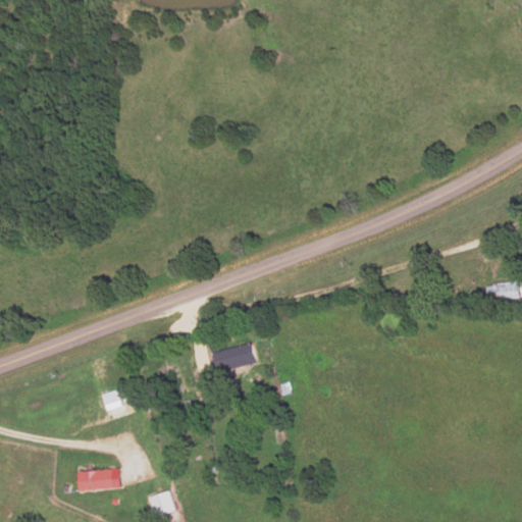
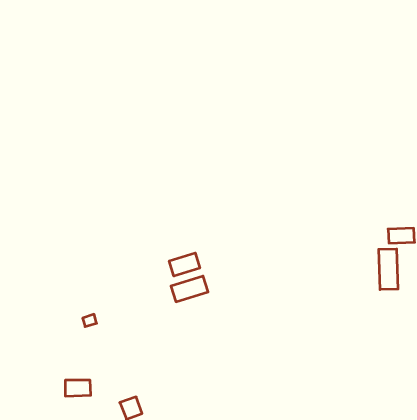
building: none -> [379,249,398,290]
building: none -> [169,253,200,276]

